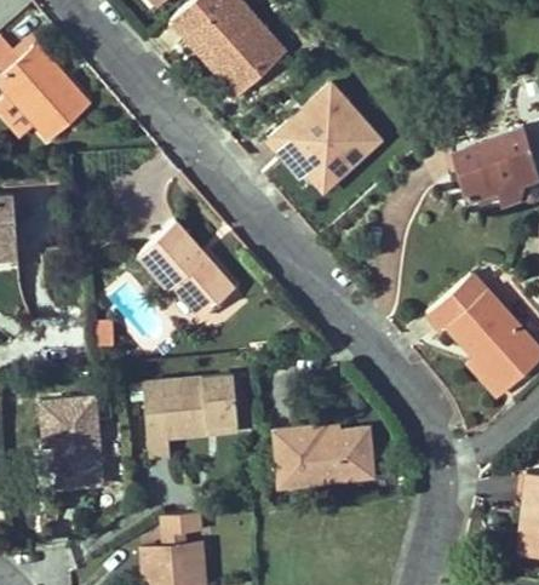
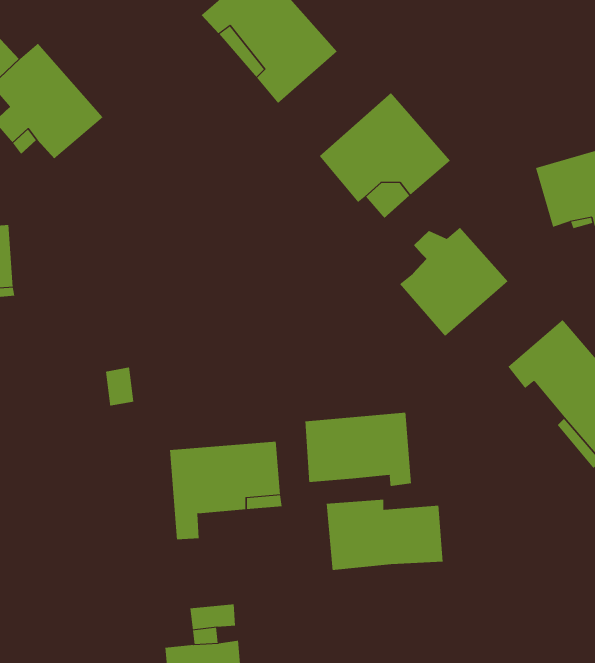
building: none -> [399,227,509,337]
building: [134,219,231,315] -> none
building: none -> [305,412,412,487]
building: [40,396,103,487] -> none

